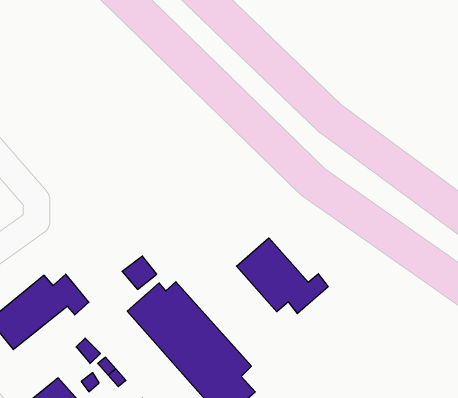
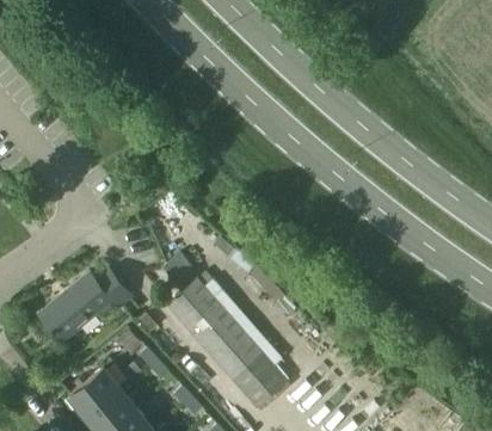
building: [236,238,328,314] -> none

